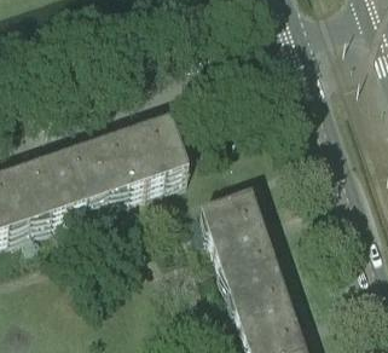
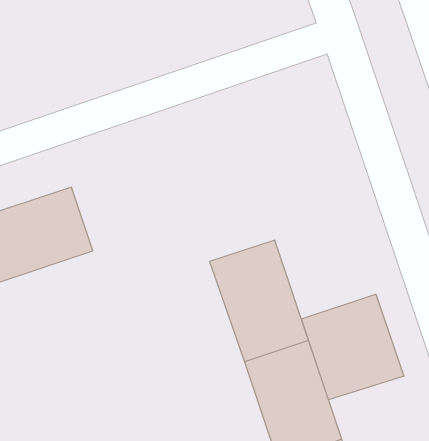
building: [89,122,187,201] -> none
building: none -> [301,294,404,400]

